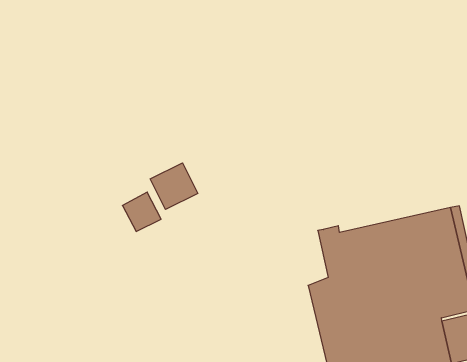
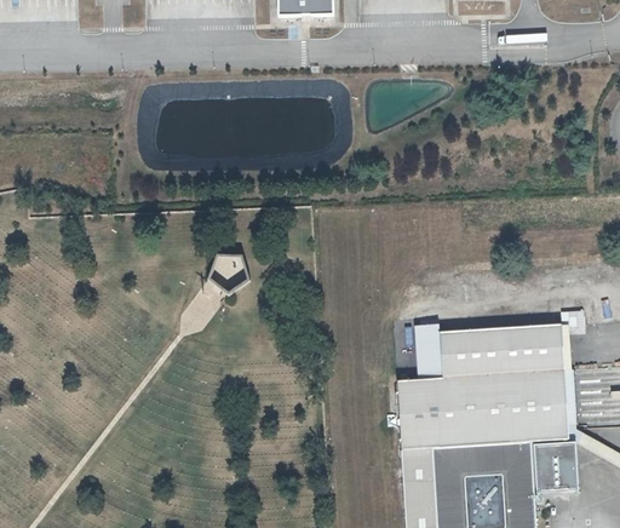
building: [150,163,198,209] -> none

